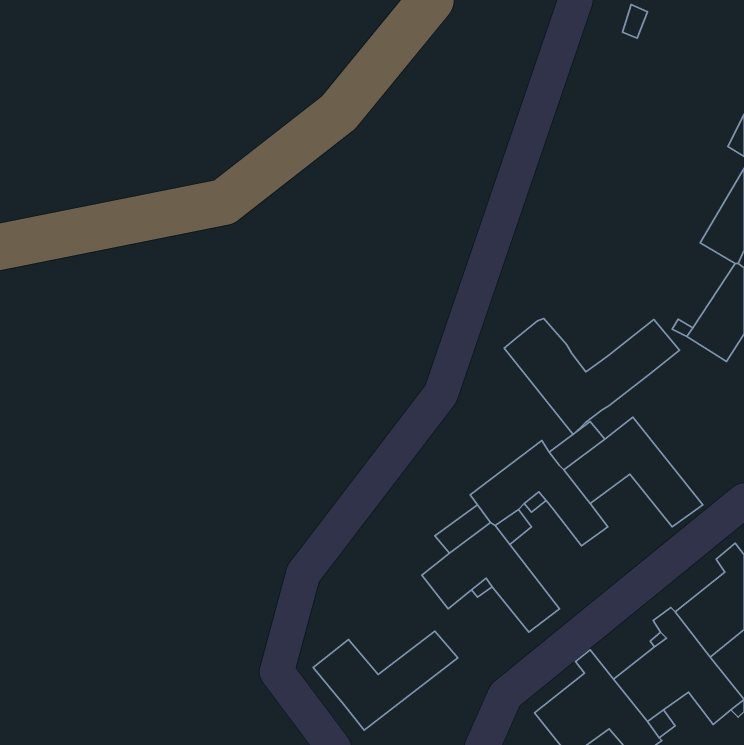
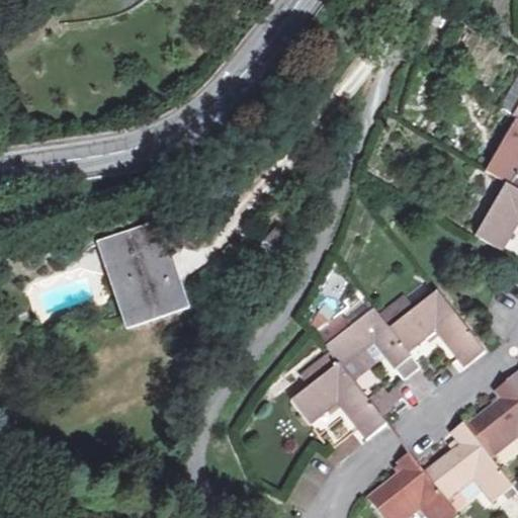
building: [504,319,679,434] -> none
building: none -> [103,223,185,324]
building: [313,631,458,730] -> none

